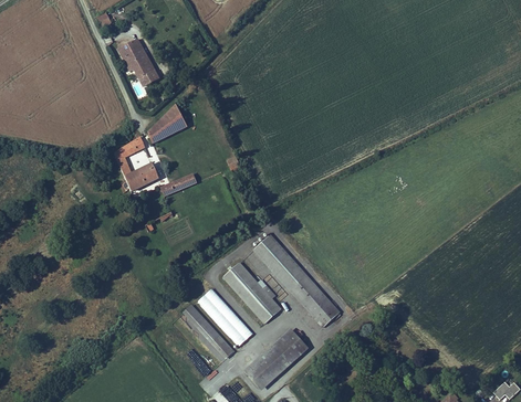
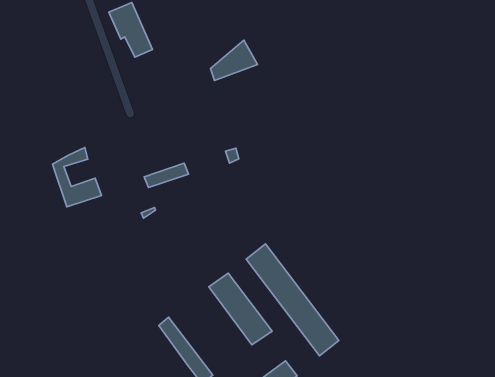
building: [149,105,189,141] -> [211,40,257,80]
building: [114,137,158,189] -> [52,147,101,207]
building: [198,287,254,346] -> none

